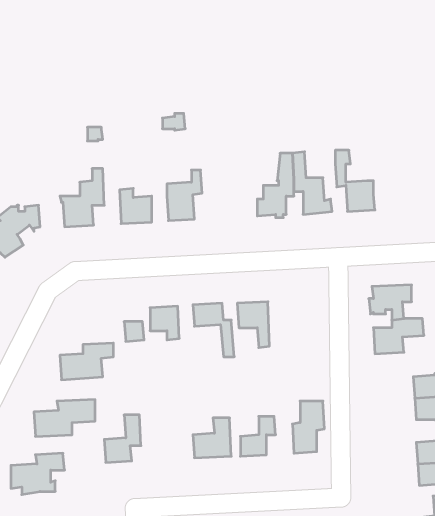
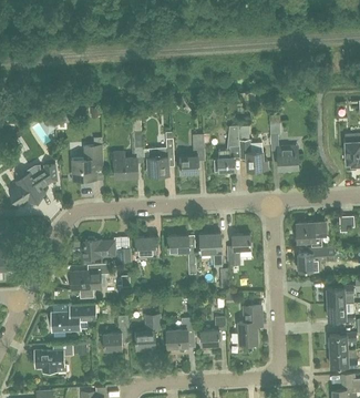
building: none -> [179,134,204,174]
building: none -> [226,235,250,266]
building: none -> [80,237,114,259]
building: none -> [135,314,161,349]

